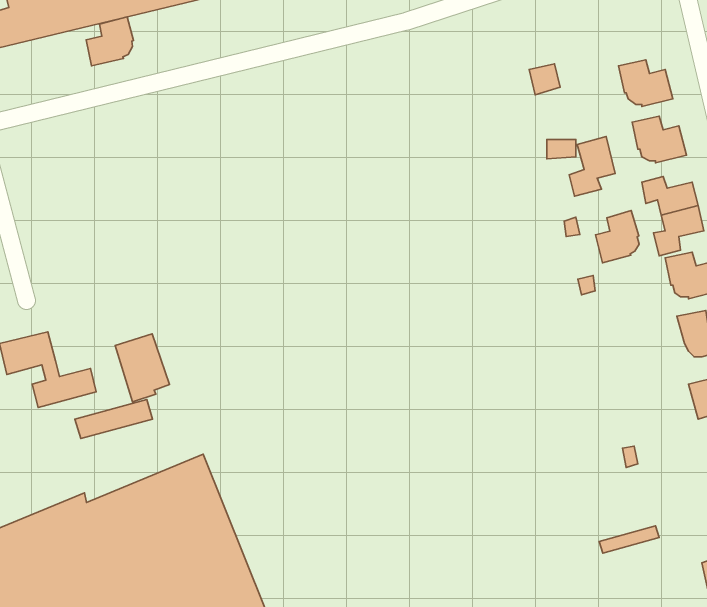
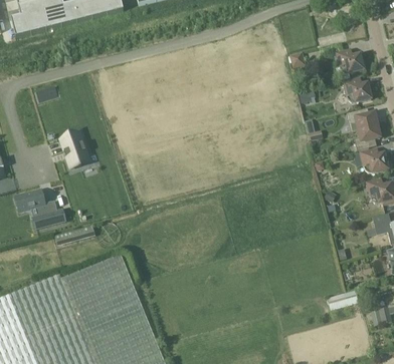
building: [86,17,134,66] -> none
building: [569,136,615,196] -> none
building: [596,210,639,263] -> none
building: [115,334,170,402] -> [60,131,88,166]

